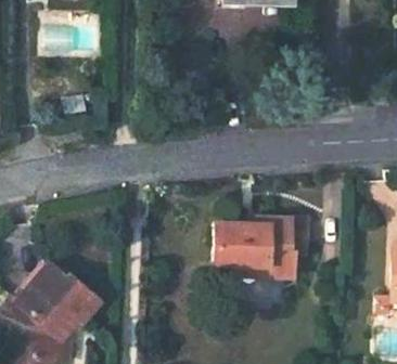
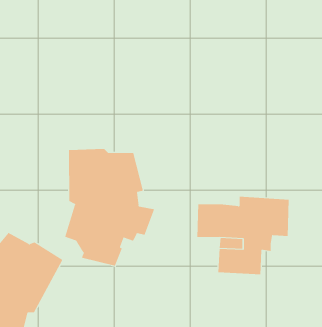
building: none -> [64,148,155,267]

